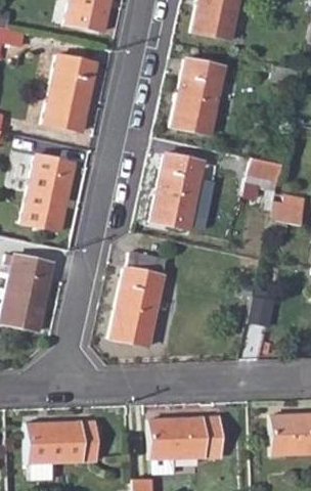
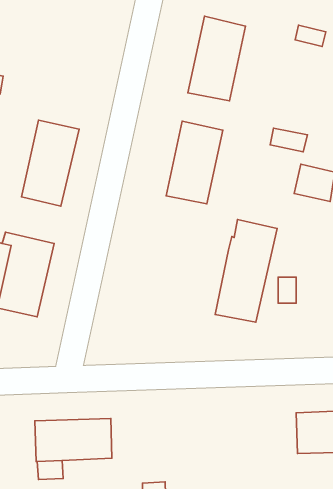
building: [45,53,97,130] -> none
building: [112,252,168,345] -> [215,219,277,322]
building: [149,418,219,458] -> none

